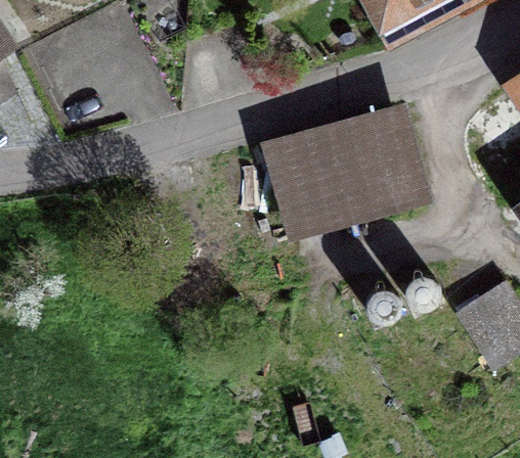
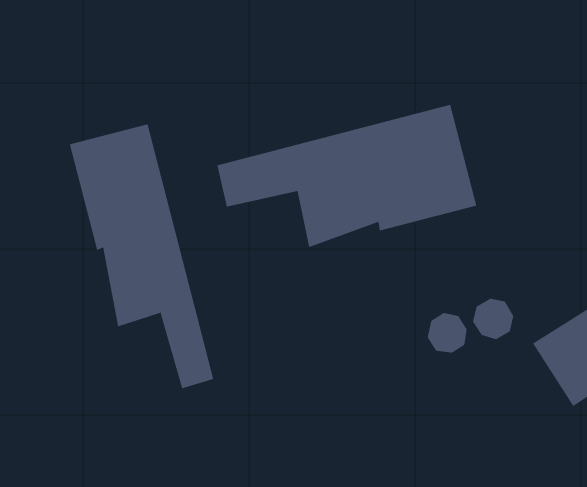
building: none -> [69,124,214,389]

